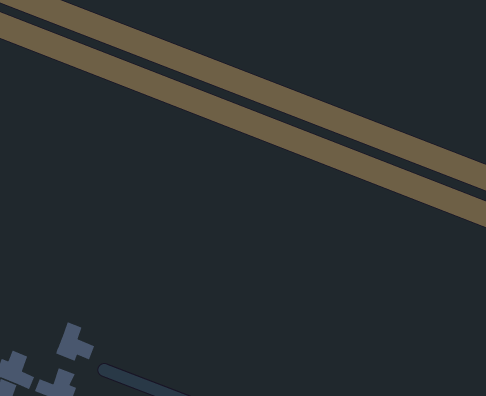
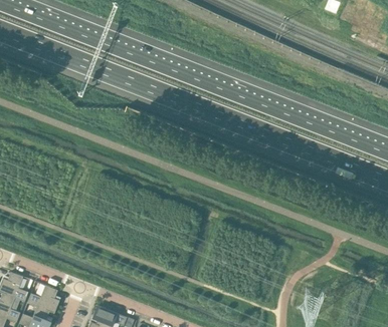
building: [55,321,95,362] -> none

